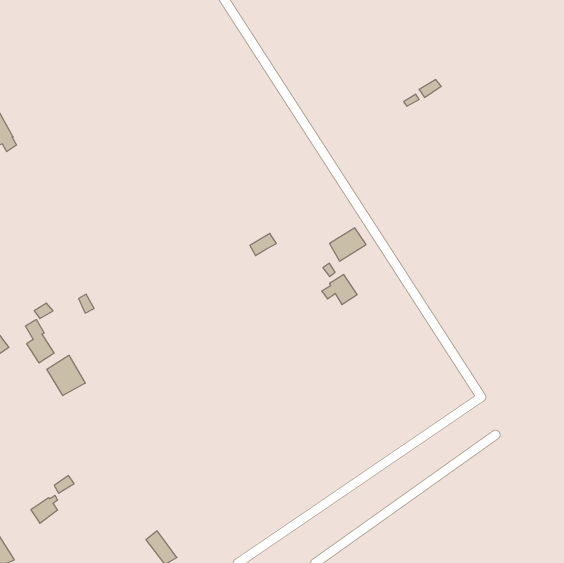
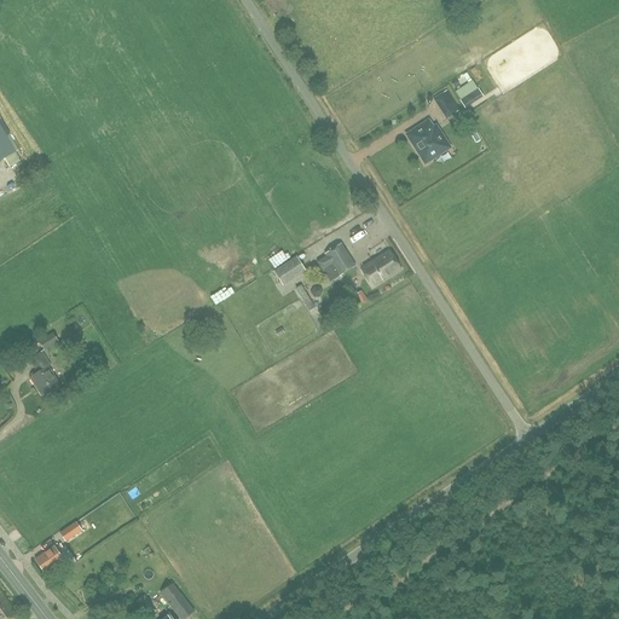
building: none -> [406,120,449,161]
building: [322,275,357,305] -> [316,242,354,274]
building: [47,355,85,396] -> none

